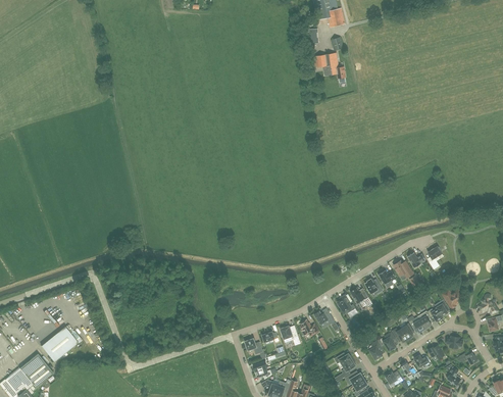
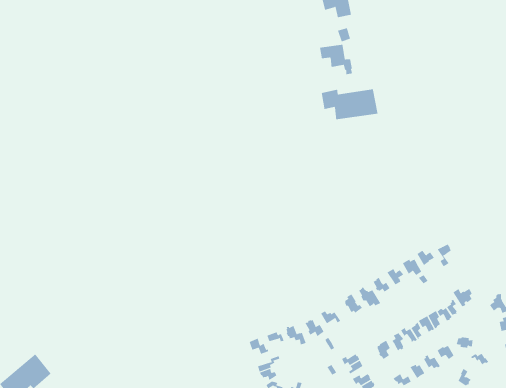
building: none -> [321,89,378,120]
building: [40,326,78,361] -> none

